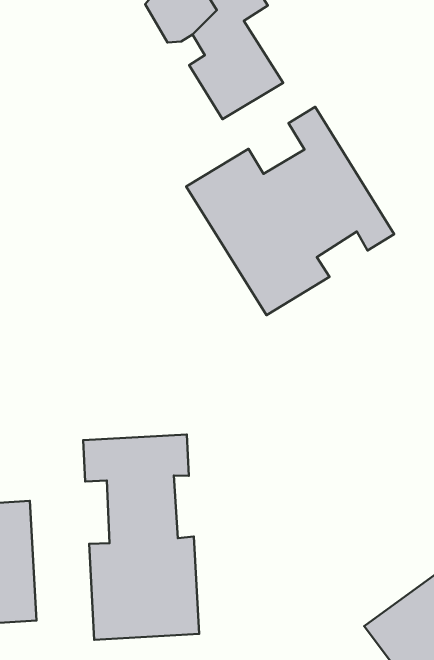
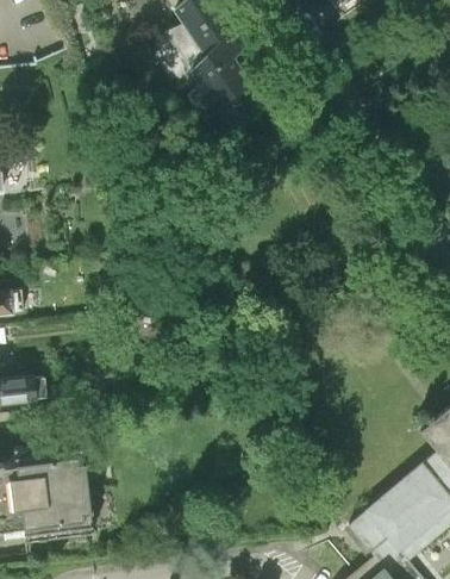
building: [186,107,394,315] -> none
building: [83,435,199,640] -> none

